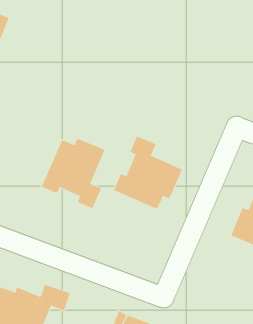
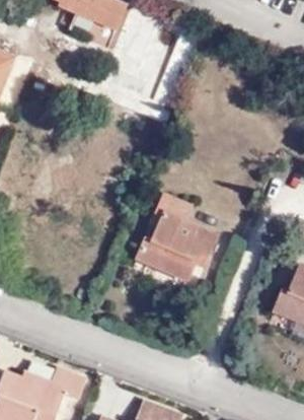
building: [41,138,105,209] -> none

